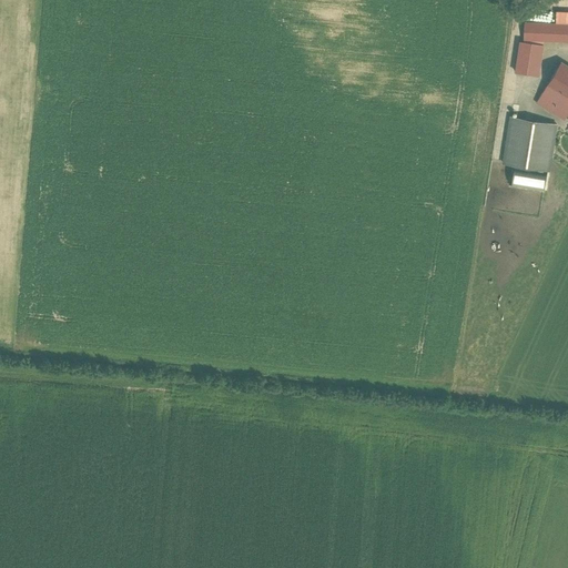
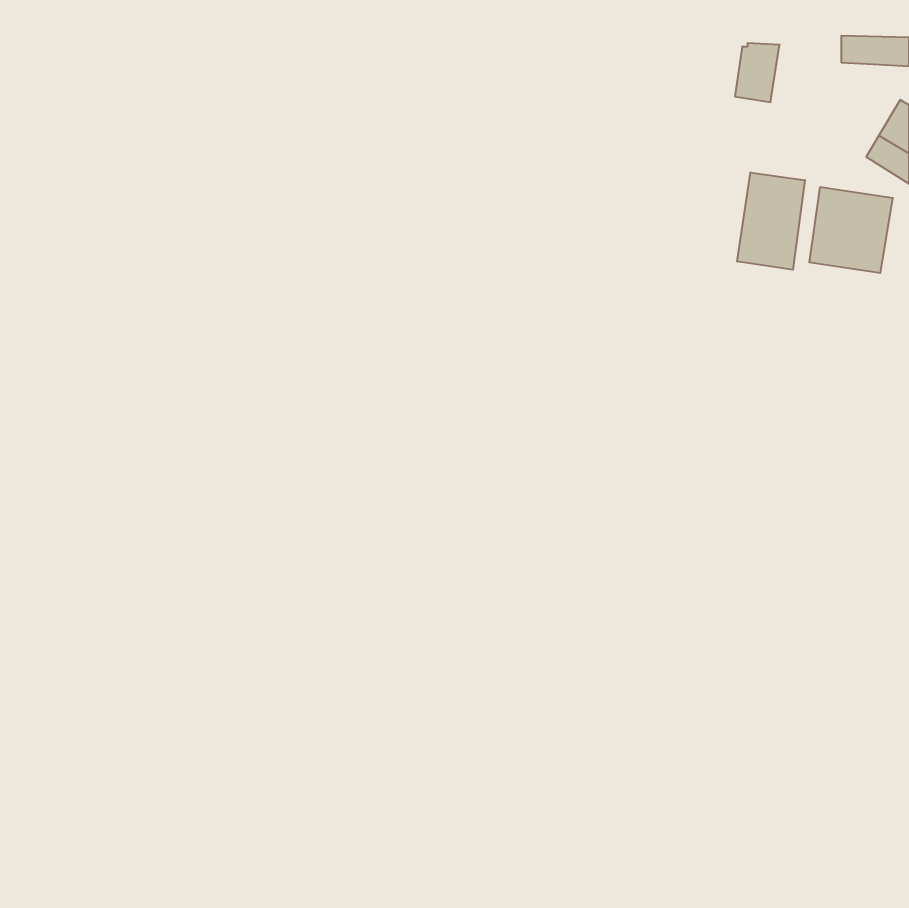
building: [516,41,544,78] -> [735,43,780,102]
building: none -> [737,172,805,270]

